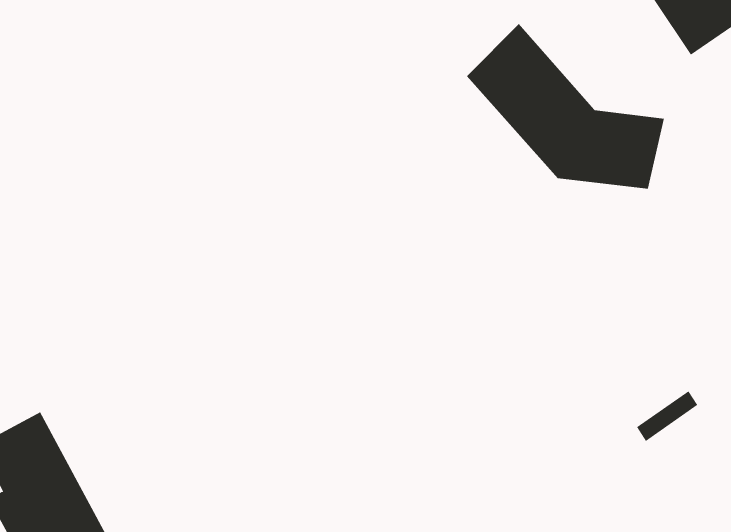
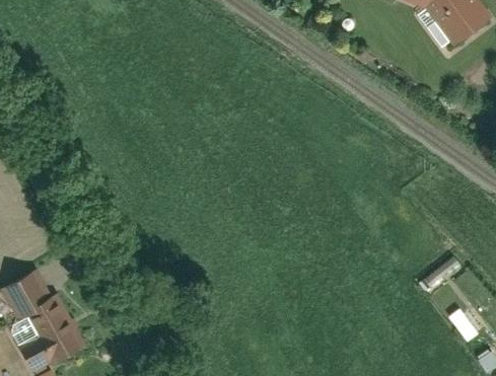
building: [466,23,664,189] -> none

